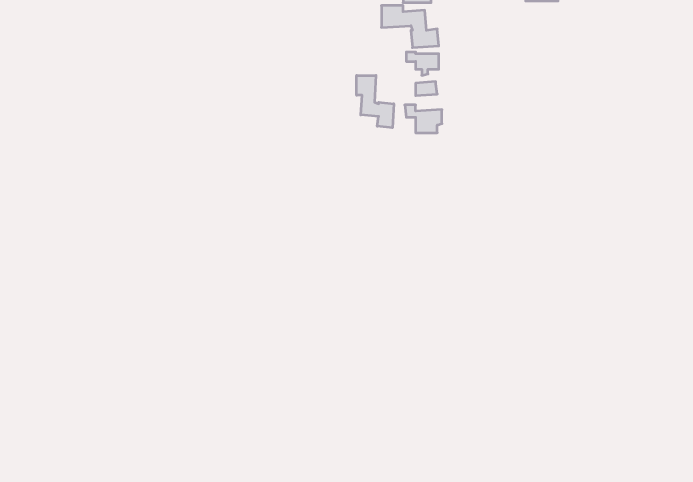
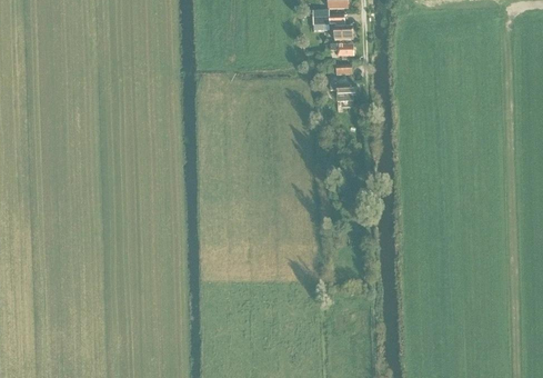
building: [357,75,394,128] -> none

